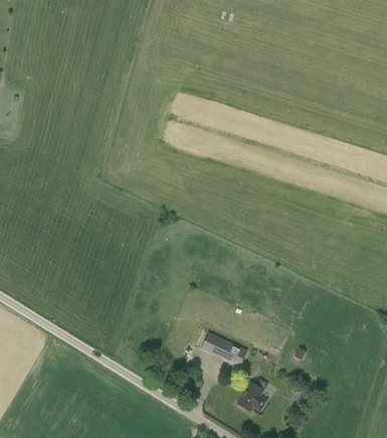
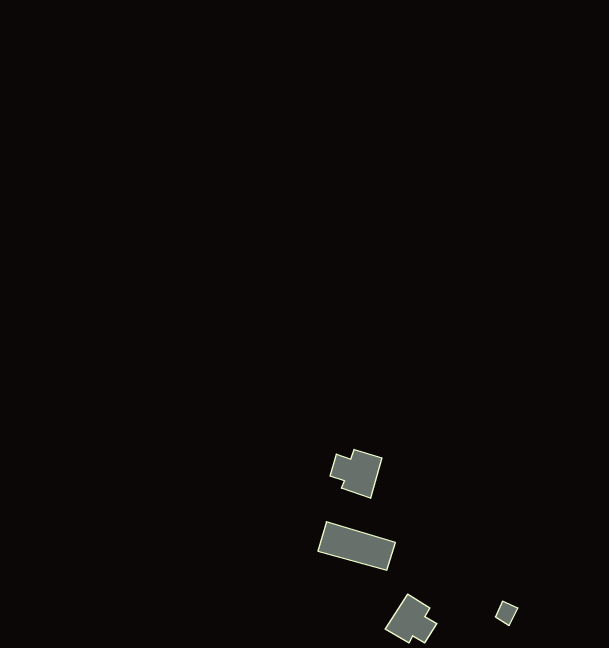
building: none -> [330,449,382,498]

